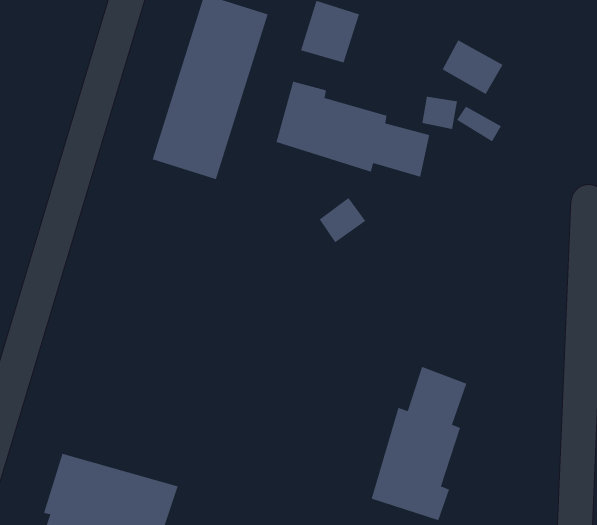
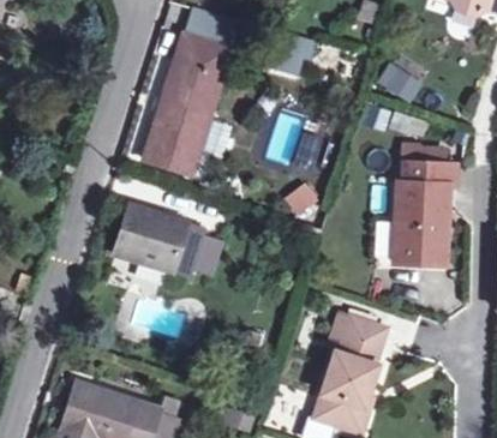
building: [276,81,430,178] -> none
building: none -> [393,162,457,265]
building: none -> [116,206,232,283]

